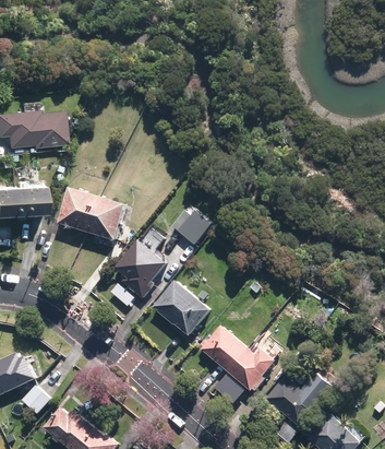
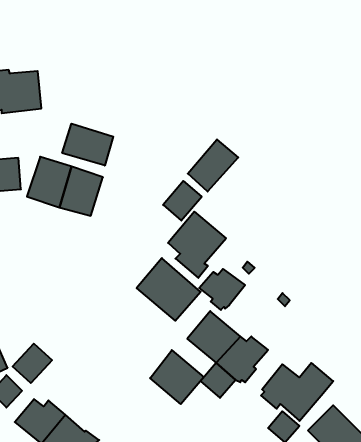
building: none -> [62,124,113,166]
building: none -> [188,139,238,192]
building: [115,238,167,298] -> [168,212,226,278]
building: none -> [199,269,245,310]
building: none -> [13,344,52,383]
building: none -> [150,350,204,404]

